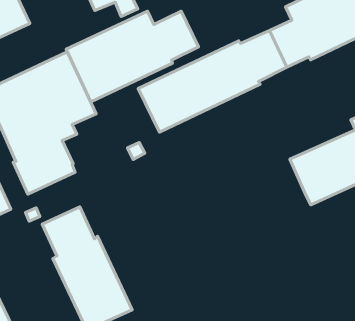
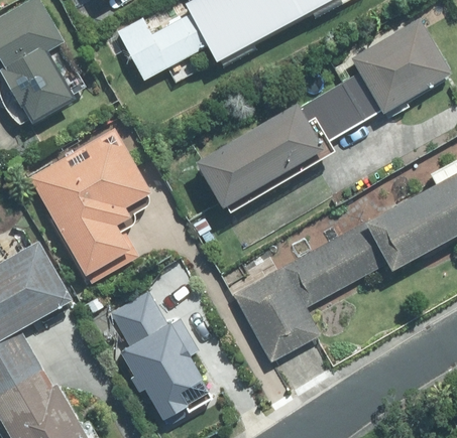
building: [66,11,199,102] -> none
building: none -> [232,218,391,363]

